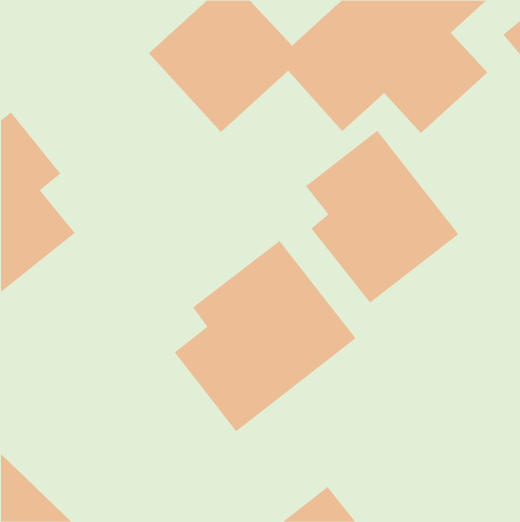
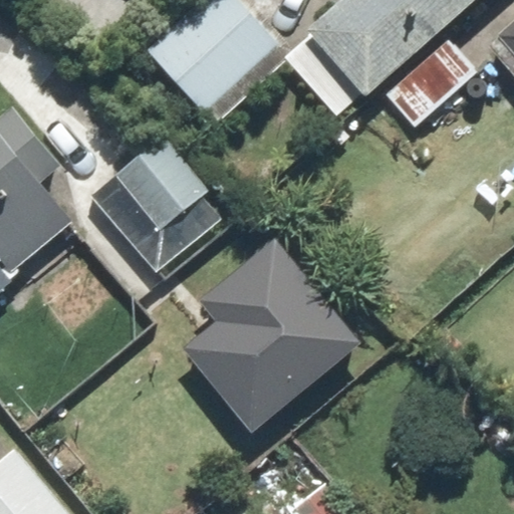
building: [305,130,459,304] -> none
building: none -> [83,130,216,259]

